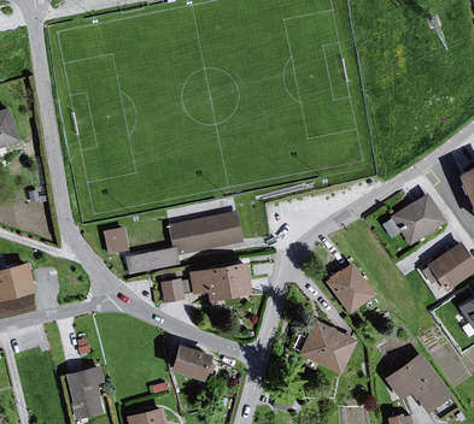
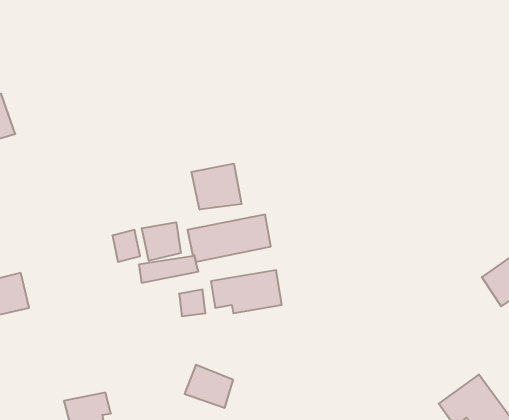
building: none -> [191,164,241,210]
building: [390,195,444,247] -> none
building: none -> [142,222,181,261]
building: [322,265,373,313] -> none
building: [299,323,357,373] -> none

